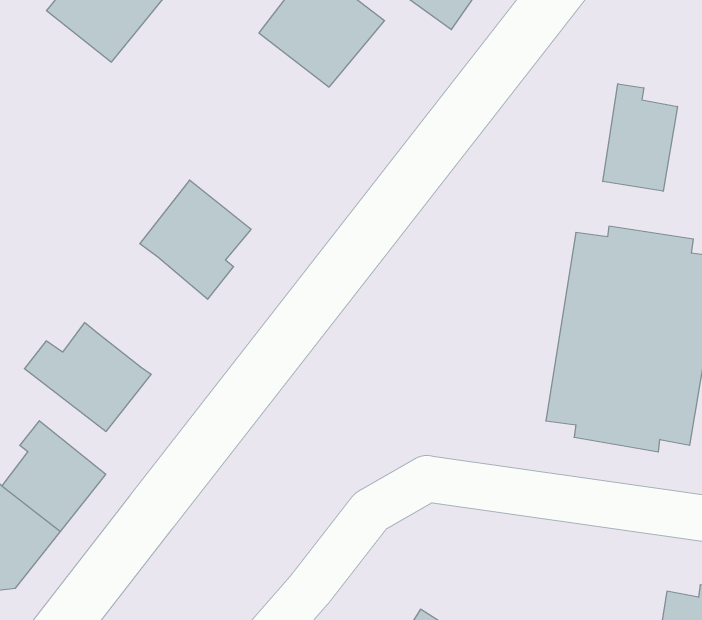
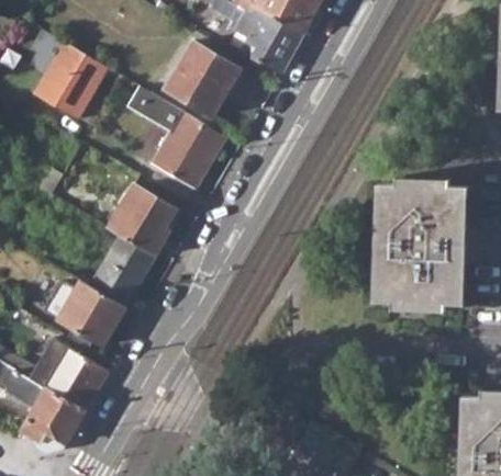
building: none -> [129,87,225,189]
building: [603,84,677,191] -> none
building: none -> [90,234,155,303]

